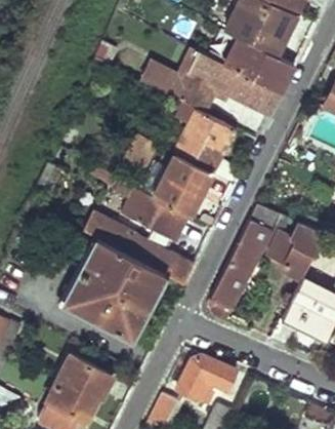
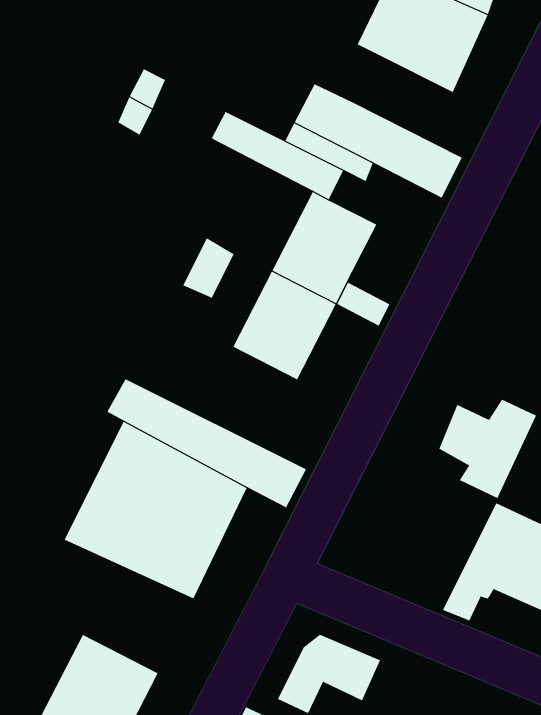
building: [221,34,295,91] -> none
building: [114,179,191,243] -> none
building: [209,204,281,313] -> none

